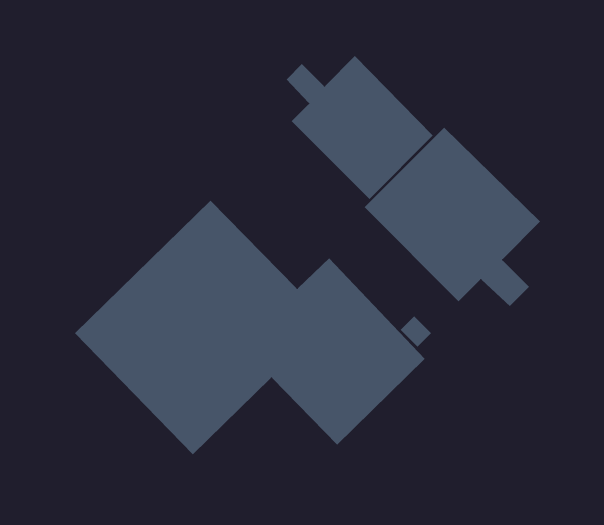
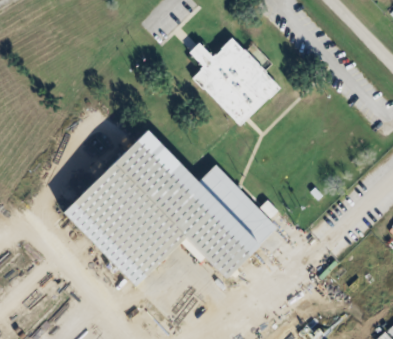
building: [364,127,541,307] -> none

